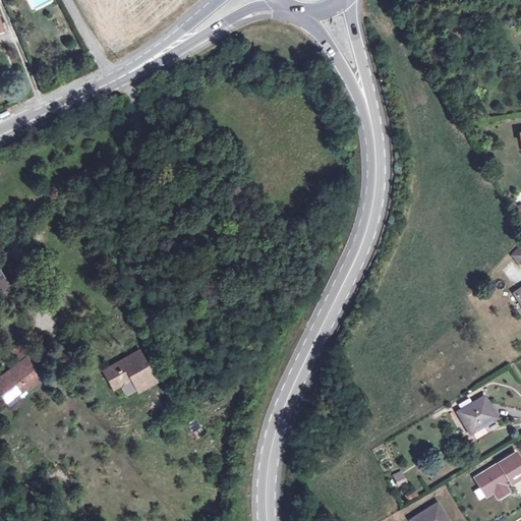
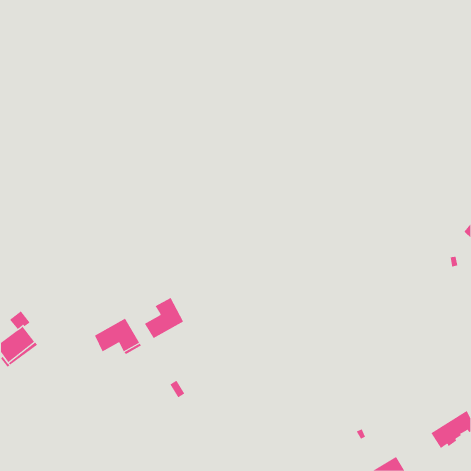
building: none -> [144,297,184,339]
building: [458,397,497,433] -> none

